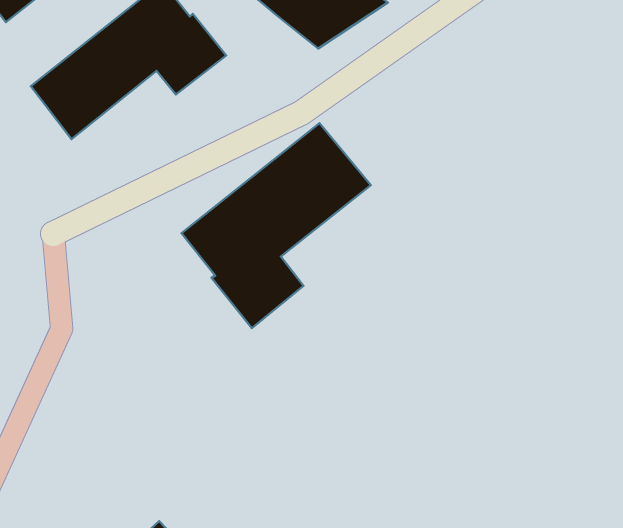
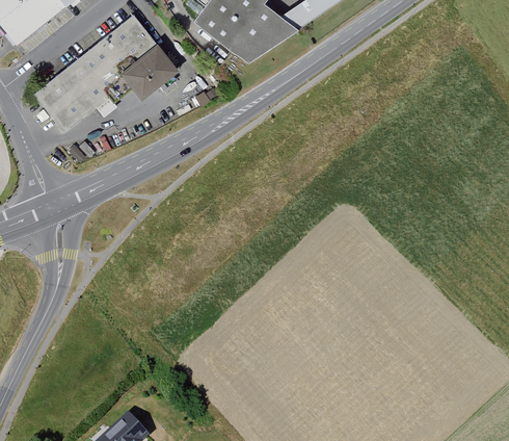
building: [182,123,371,328] -> none

